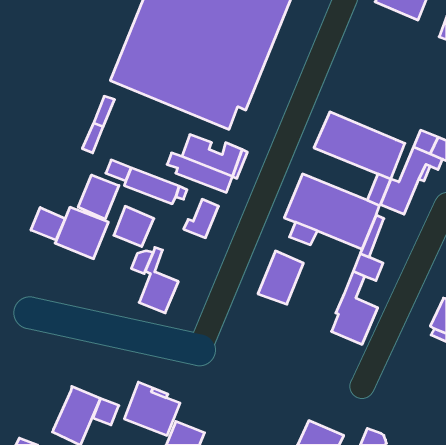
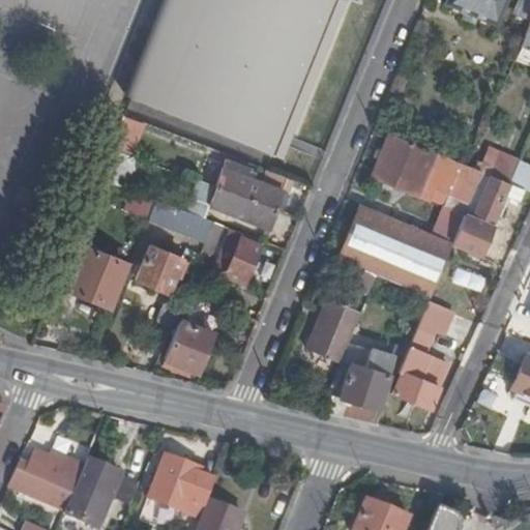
building: [78,175,119,219] -> none
building: [31,207,65,240] -> none
building: none -> [324,345,408,422]
building: none -> [9,449,85,508]

